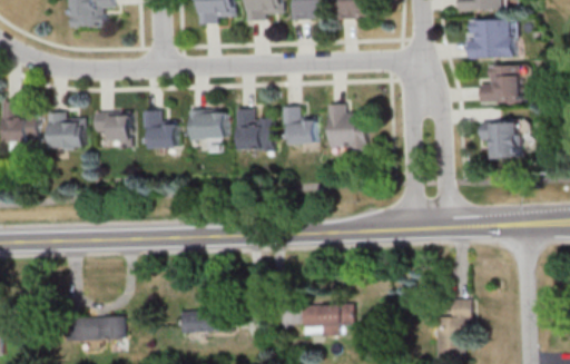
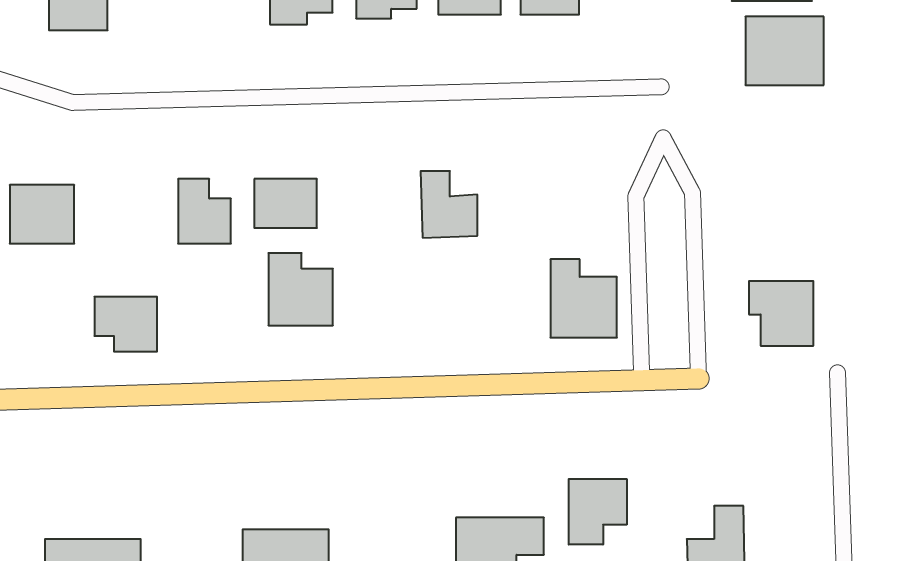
building: [480,66,521,104] -> none
building: [327,105,365,149] -> [550,259,617,338]
building: [235,109,272,150] -> [268,253,333,325]
building: [96,112,131,144] -> [94,297,157,352]
building: [480,121,517,158] -> [749,281,813,346]
building: none -> [569,479,627,545]

